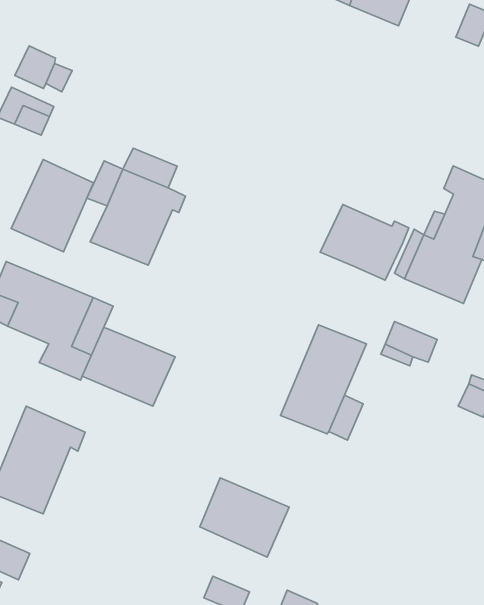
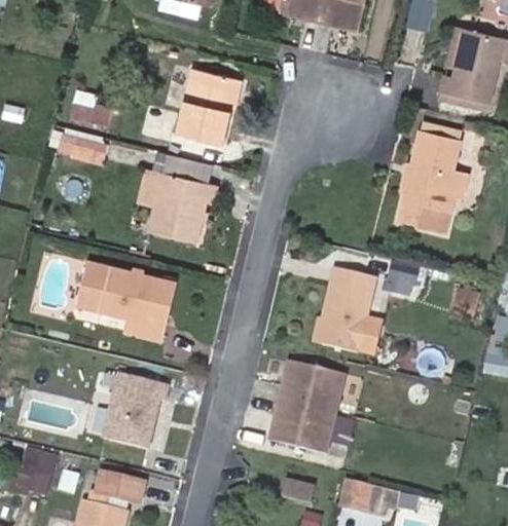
building: none -> [177,69,237,146]
building: [11,159,94,252] -> none
building: [320,205,409,280] -> none
building: [82,328,175,406] -> none
building: none -> [279,361,346,412]

